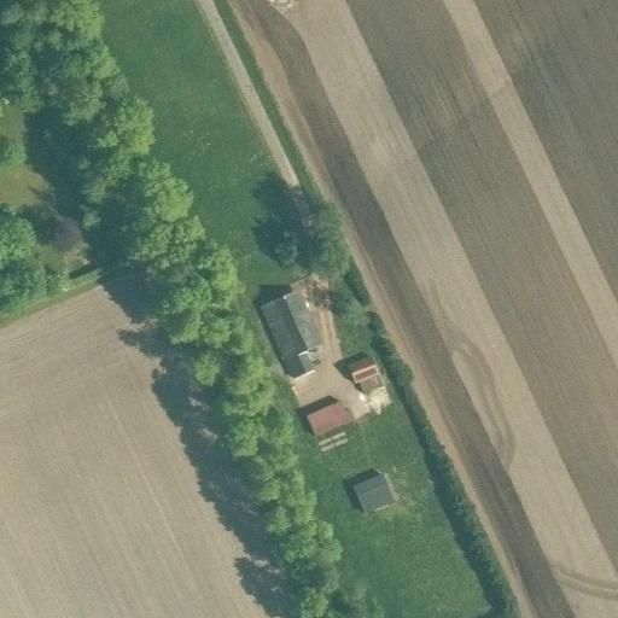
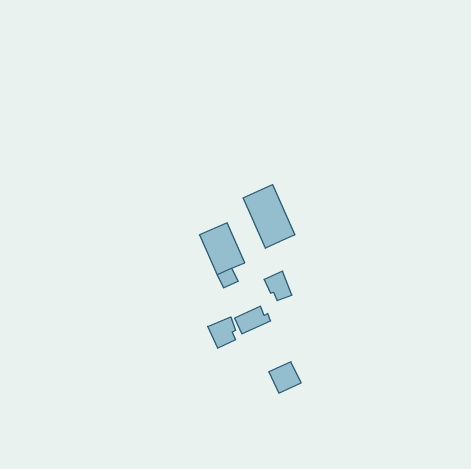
building: none -> [243,185,295,248]
building: none -> [208,317,236,348]

